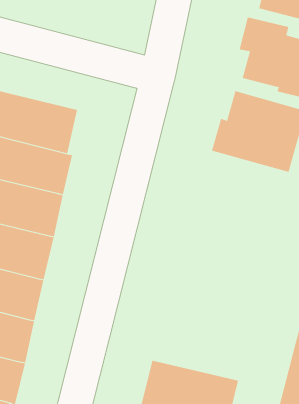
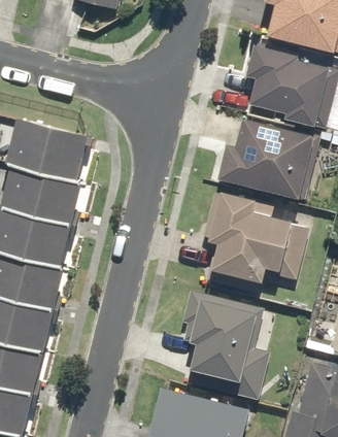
building: none -> [208,192,291,294]
building: none -> [181,290,273,399]

